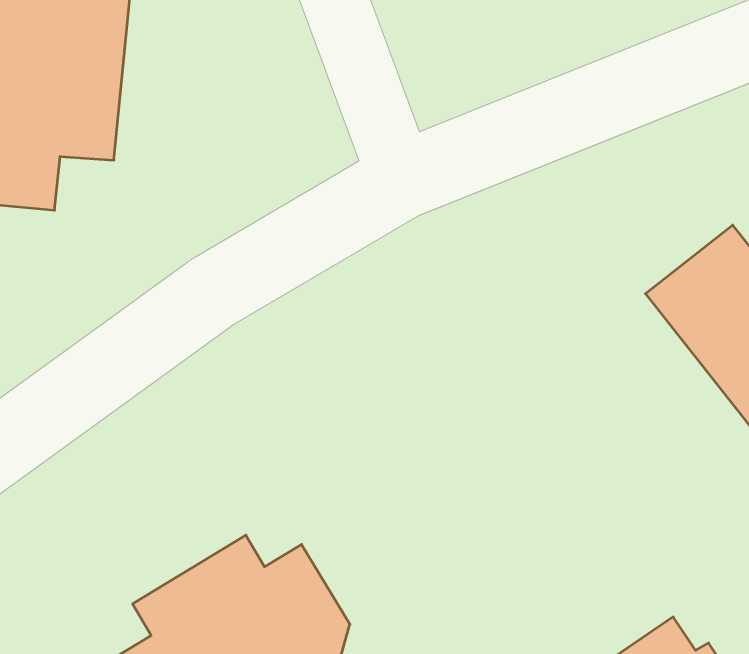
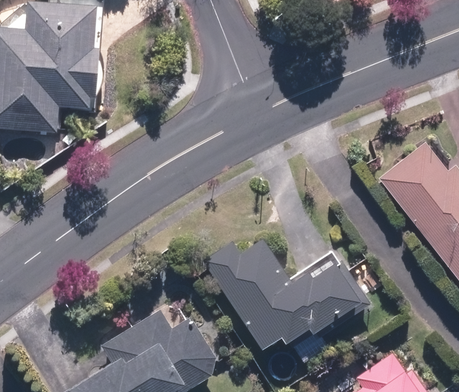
building: none -> [203,238,365,348]

